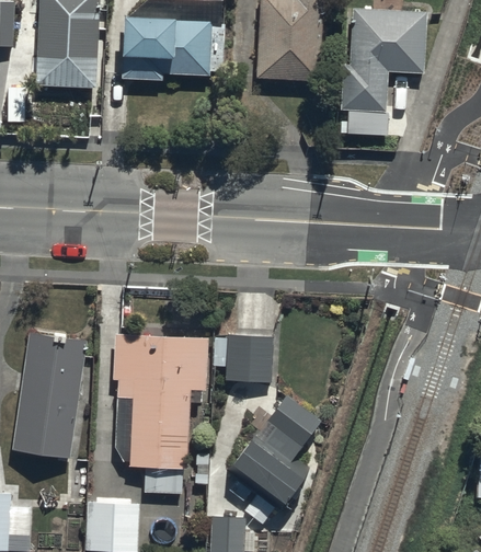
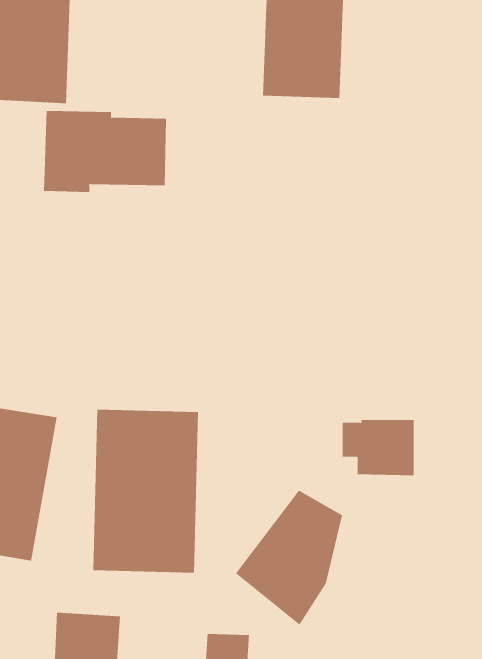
building: [340,8,425,113] -> none
building: [121,12,221,79] -> [43,111,167,193]
building: [213,335,272,381] -> [342,420,415,476]

